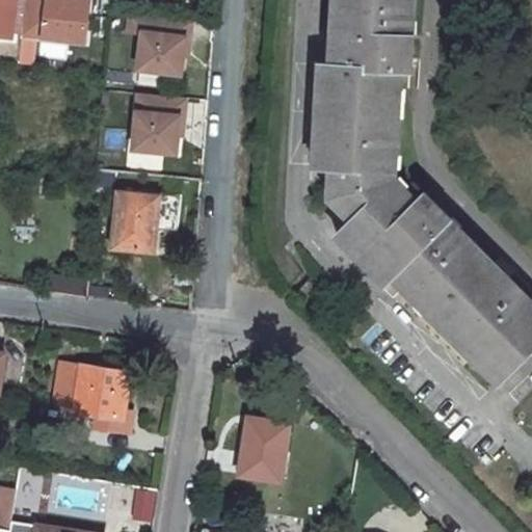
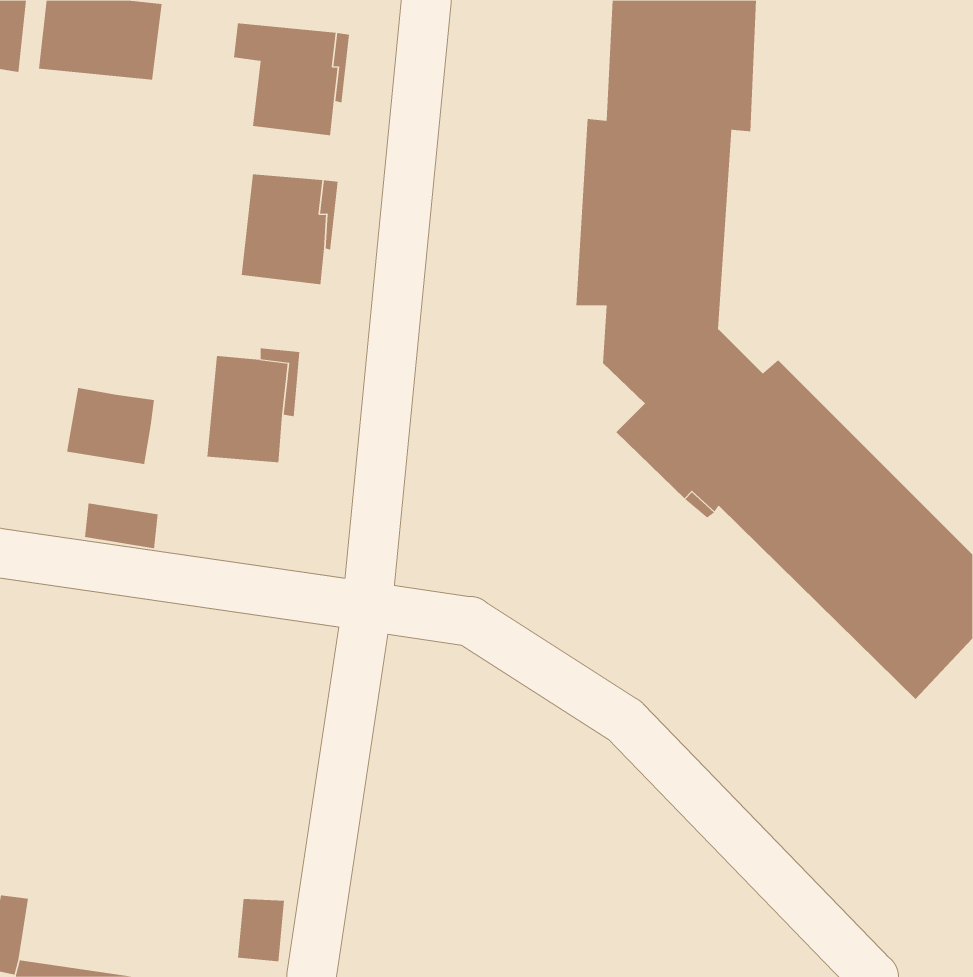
building: none -> [66,387,154,465]
building: [52,363,132,434] -> none
building: [238,420,289,480] -> none

